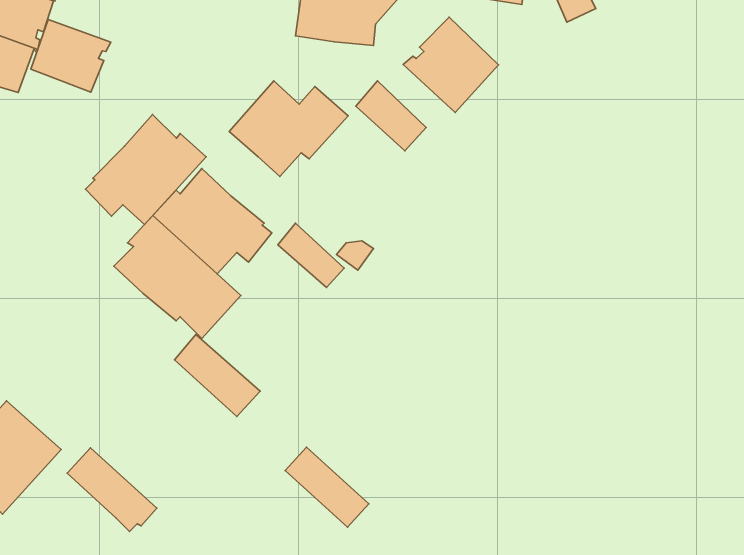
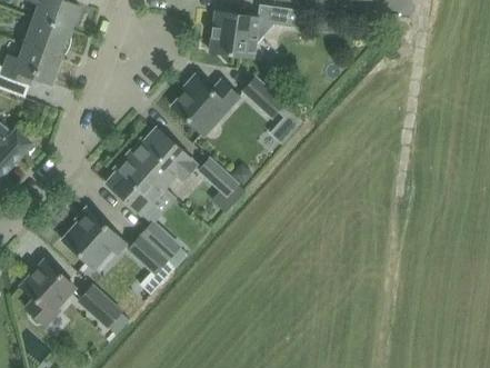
building: [403,17,499,113] -> none
building: [31,20,111,92] -> none
building: [85,115,206,224] -> none
building: none -> [62,208,126,265]
building: [285,447,369,527] -> [128,236,176,281]

